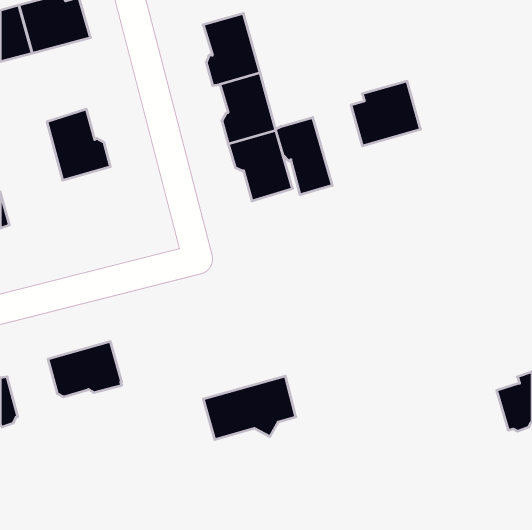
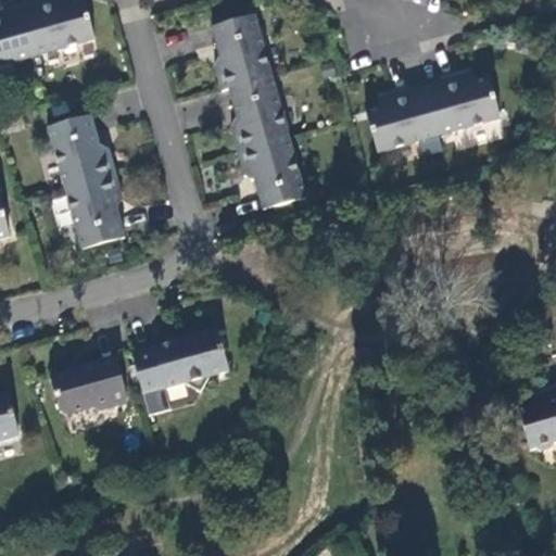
building: none -> [425,72,500,135]
building: [276,117,332,195] -> none
building: none -> [65,174,125,249]
building: [203,376,296,440] -> [131,328,228,394]

